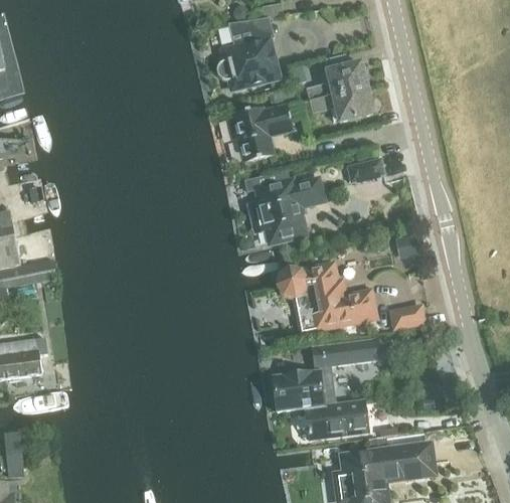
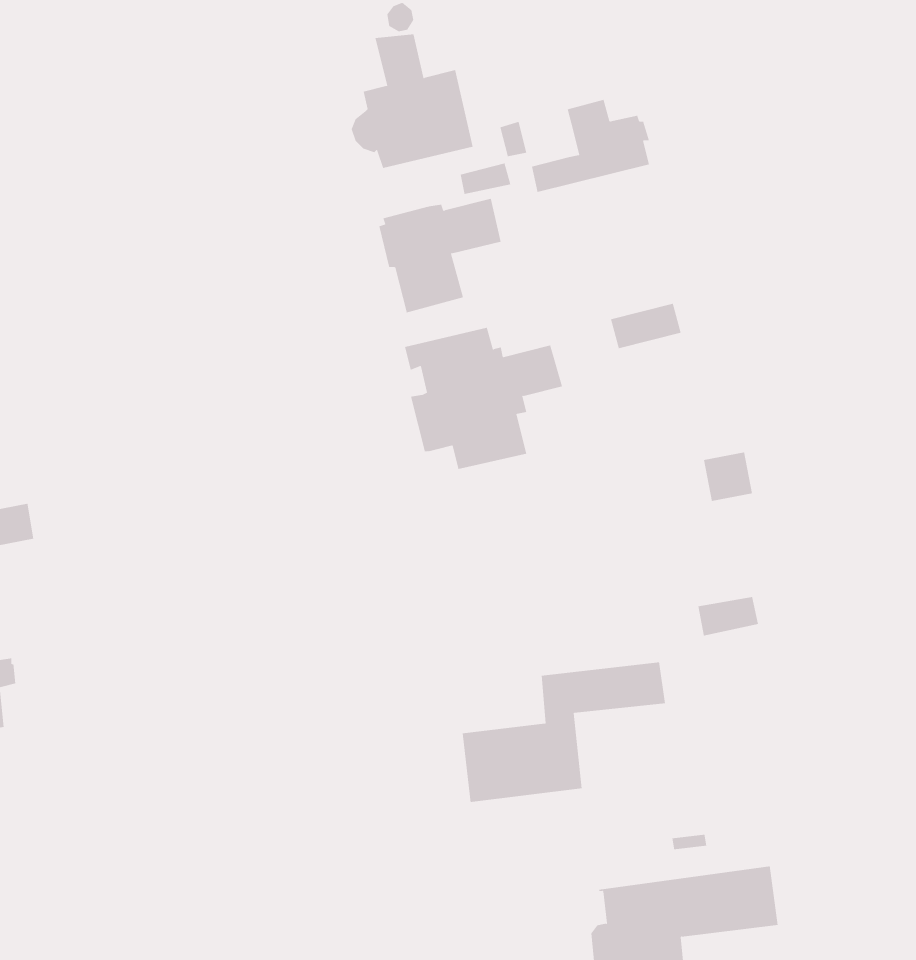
building: [311,88,376,122] -> none
building: [276,264,375,332] -> none
building: [302,400,367,439] -> none

